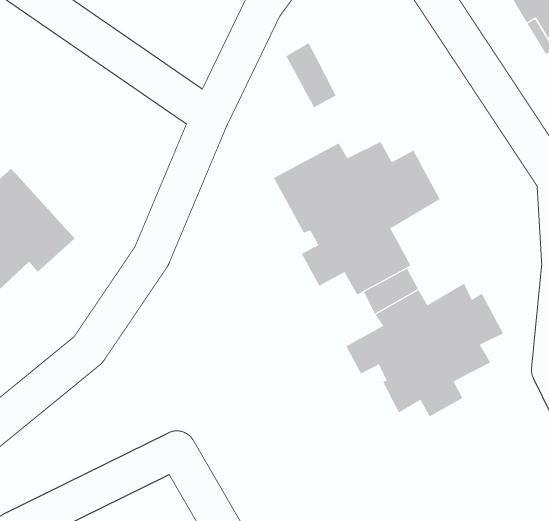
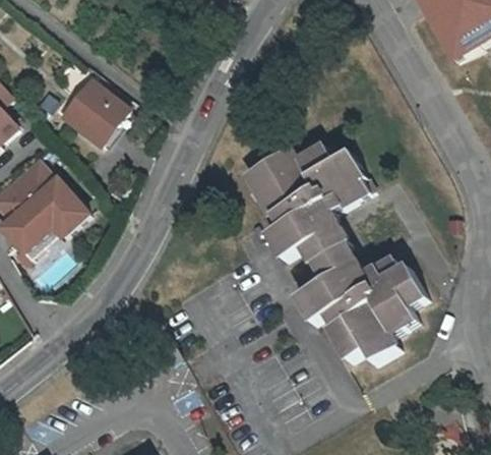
building: [286,42,336,108] -> none
building: none -> [51,80,125,154]

